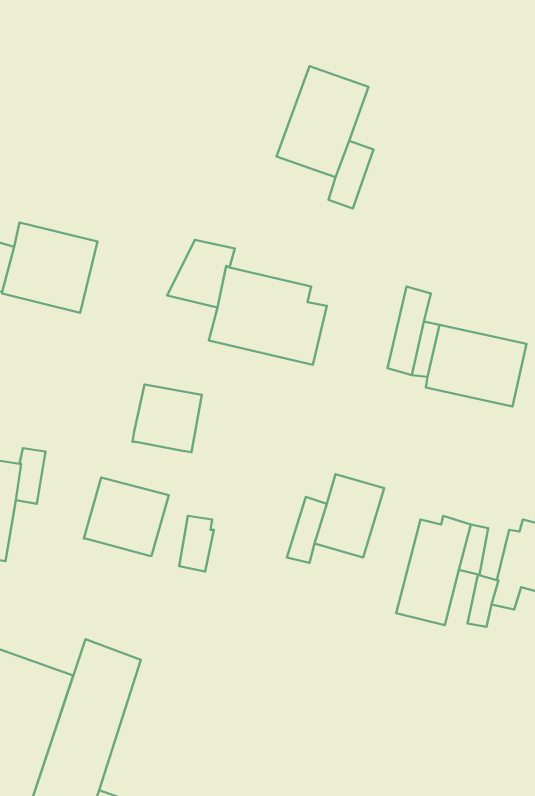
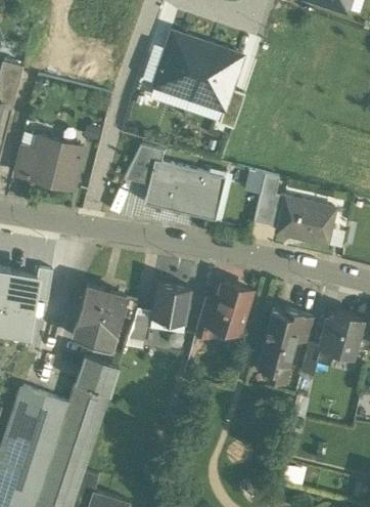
building: none -> [153,32,207,97]
building: [132,384,202,452] -> [149,284,190,324]
building: none -> [72,323,113,350]
building: none -> [76,355,119,394]

